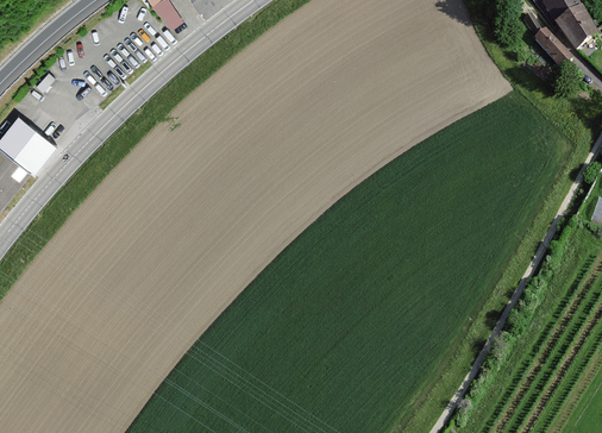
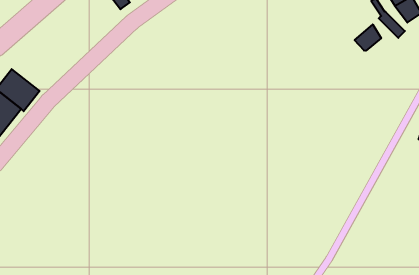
building: none -> [355,24,381,51]

